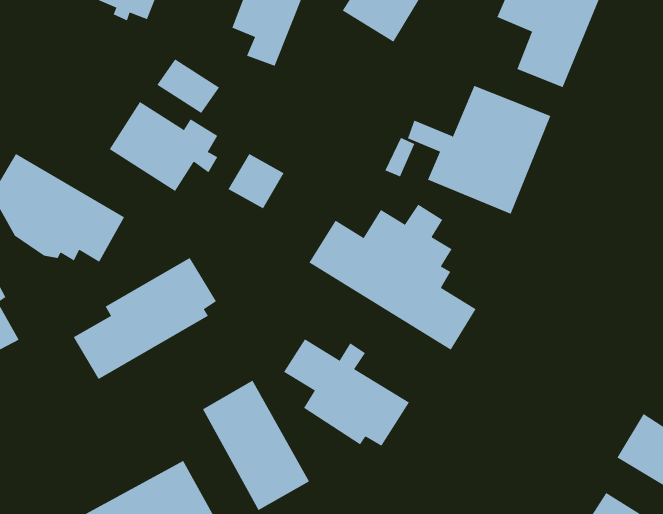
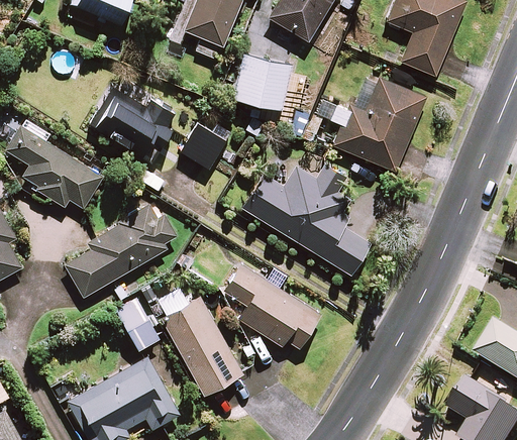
building: [156,58,220,114] -> none
building: none -> [233,54,291,110]
building: none -> [115,297,158,350]

